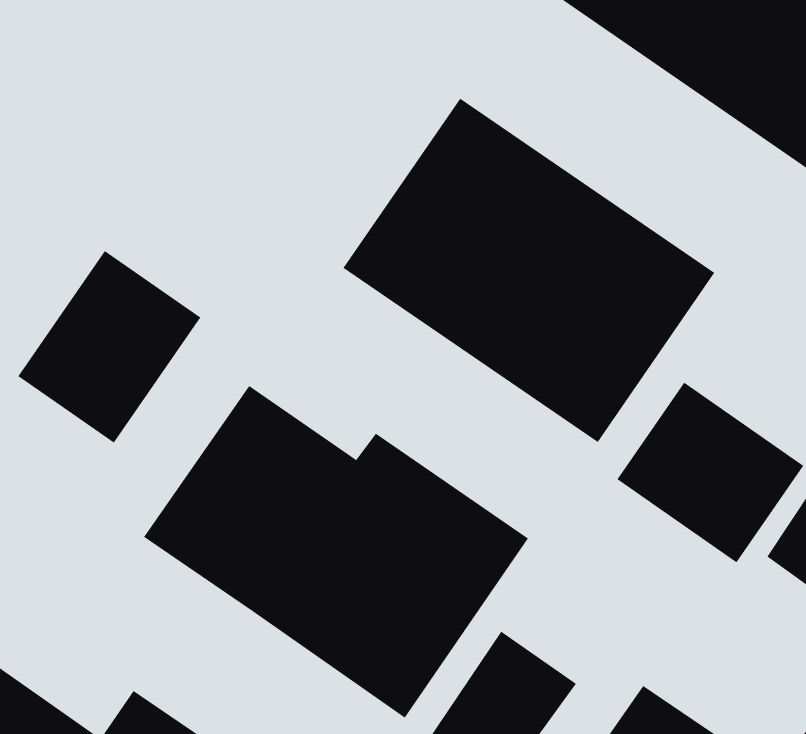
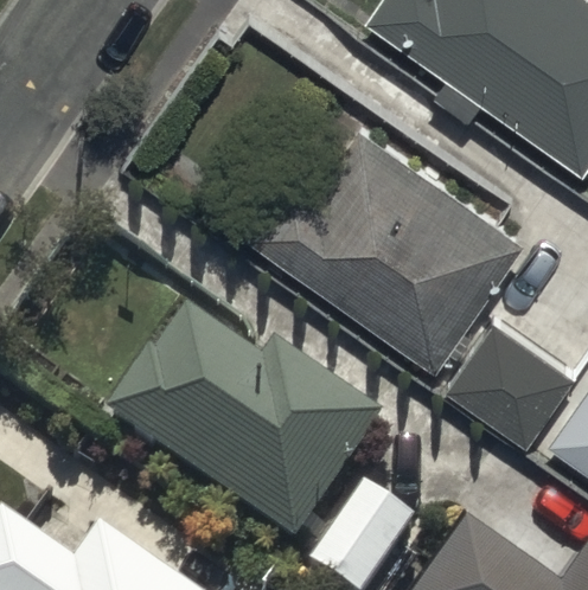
building: [18,250,201,443] -> none

